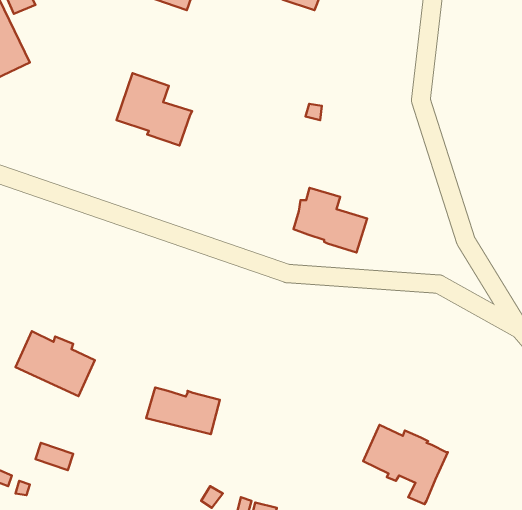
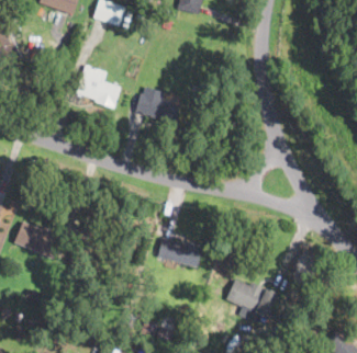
building: [293,188,367,253] -> [135,87,180,126]
building: [146,387,220,434] -> [157,238,202,266]

